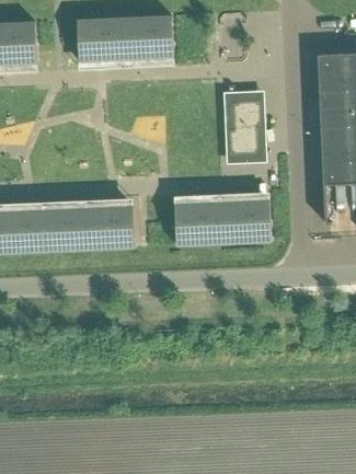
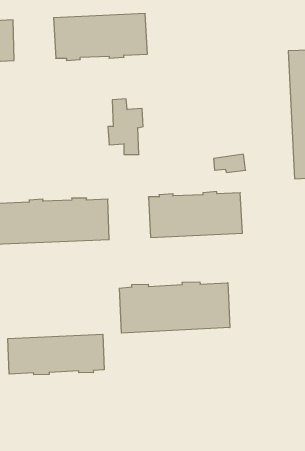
building: [227,97,263,154] -> [108,99,143,154]
building: none -> [119,282,230,333]
building: none -> [8,334,104,375]

